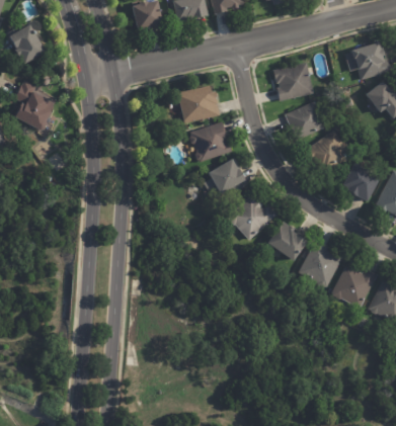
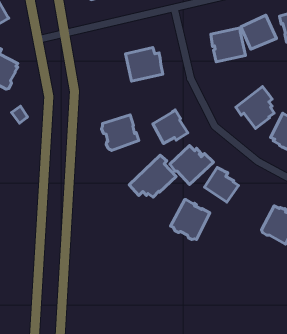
building: [285,101,325,140] -> [241,15,276,49]
building: [189,121,232,162] -> [102,115,139,150]
building: none -> [129,155,176,197]
building: [298,243,342,288] -> [171,200,210,240]

